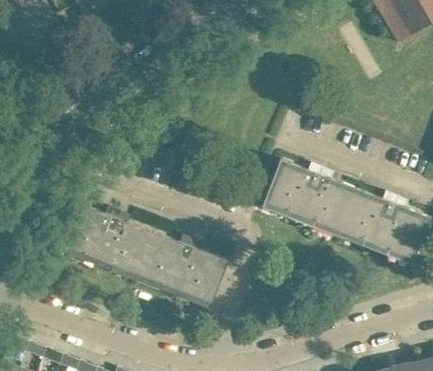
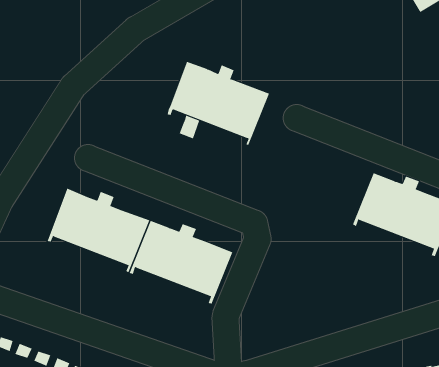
building: [262,158,355,234] -> [167,61,270,145]

